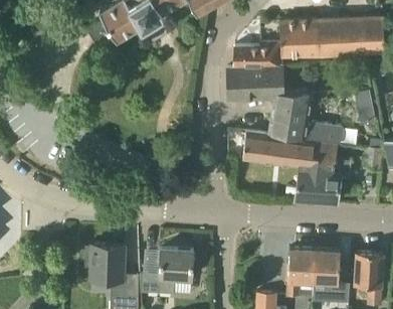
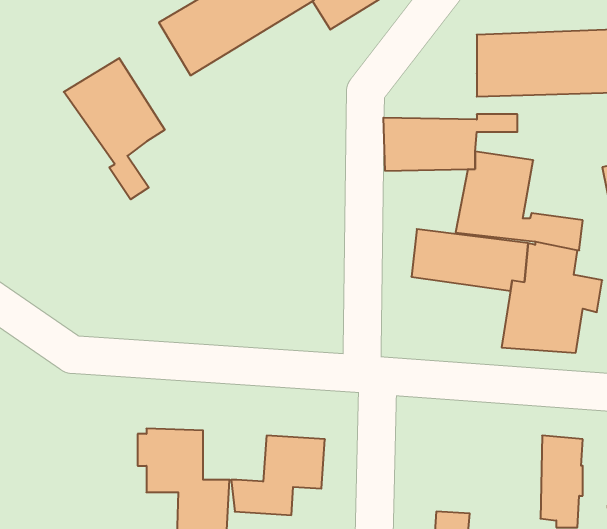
building: none -> [64,58,165,199]
building: [234,43,280,66] -> none
building: [286,249,318,297] -> none

